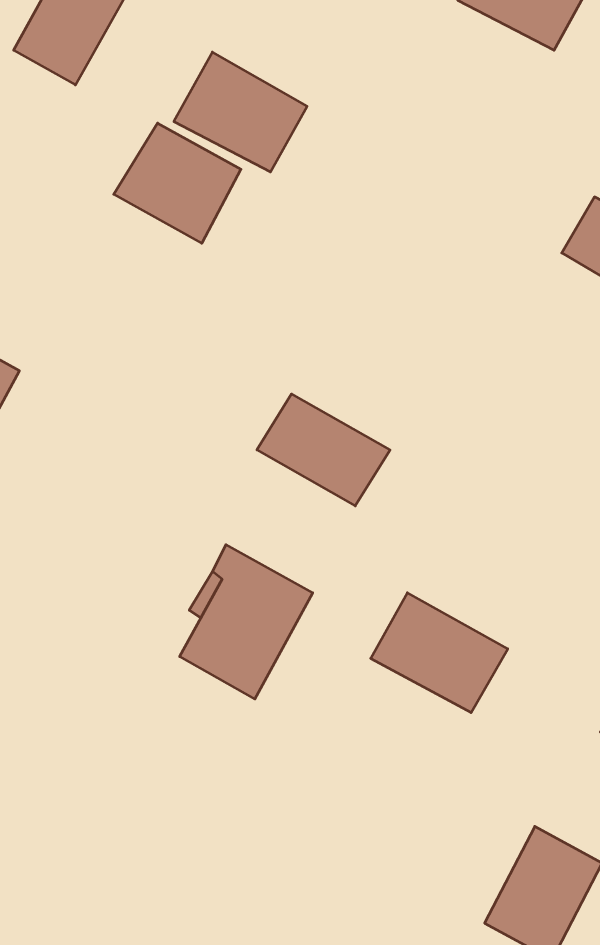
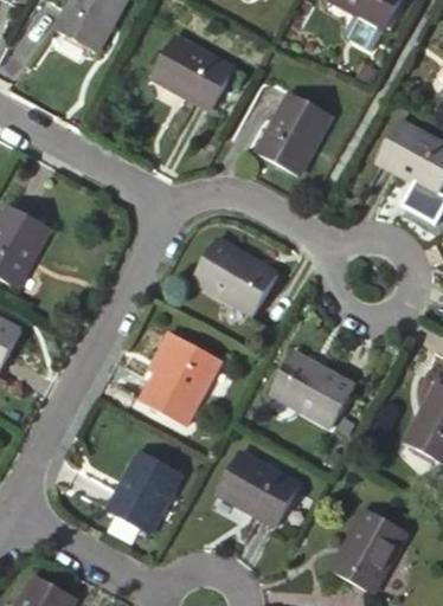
building: [114,123,241,243] -> none
building: none -> [253,91,326,172]
building: none -> [219,450,300,521]
building: none -> [114,452,188,536]

